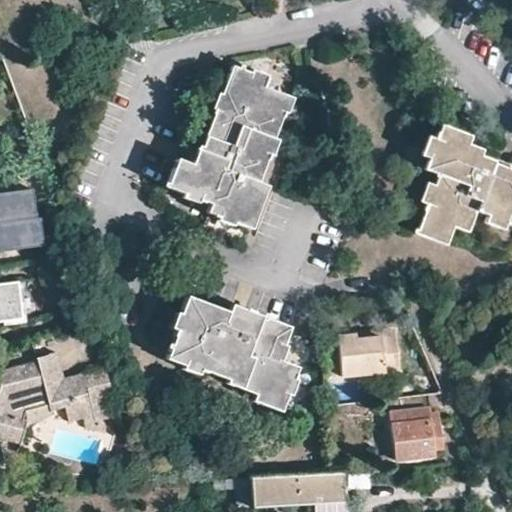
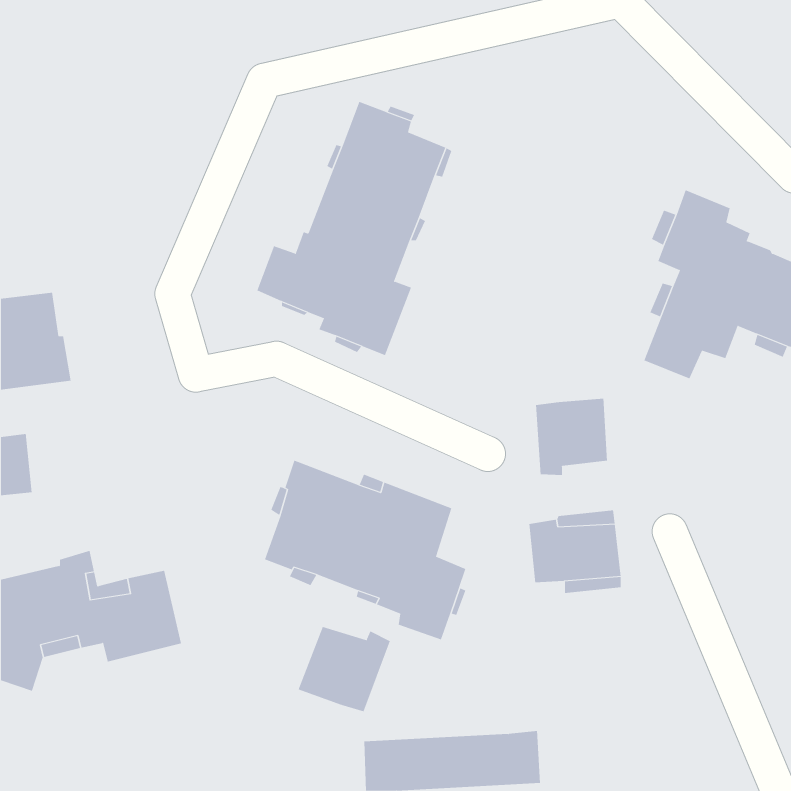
building: none -> [536,398,607,476]
building: none -> [298,626,391,712]
building: [391,408,440,458] -> none

